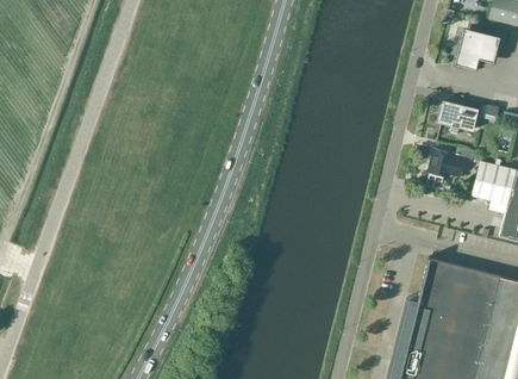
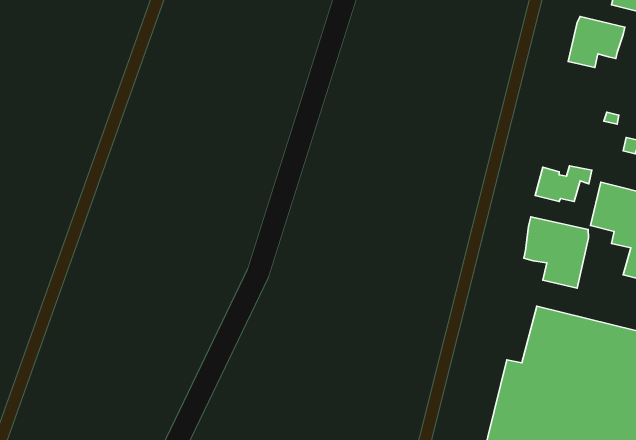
building: [438,101,482,131] -> none
building: none -> [524,217,588,288]

